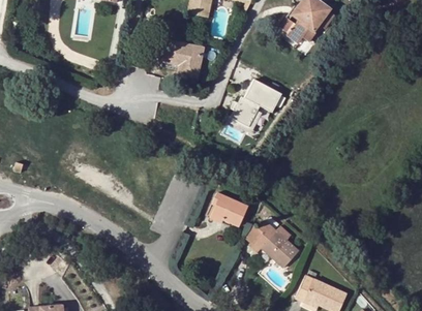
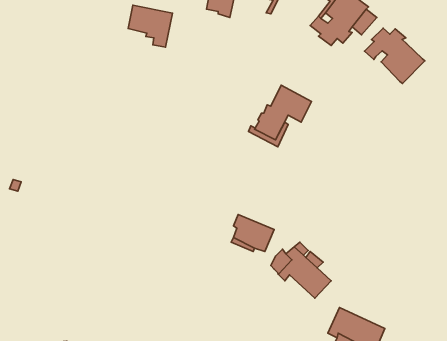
building: none -> [364,28,425,83]
building: [163,40,203,77] -> [128,5,173,47]

